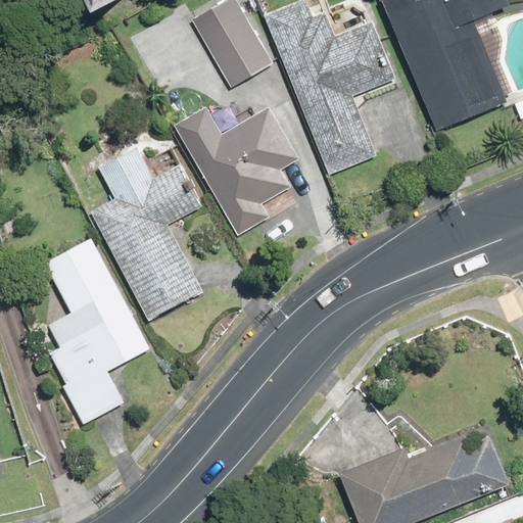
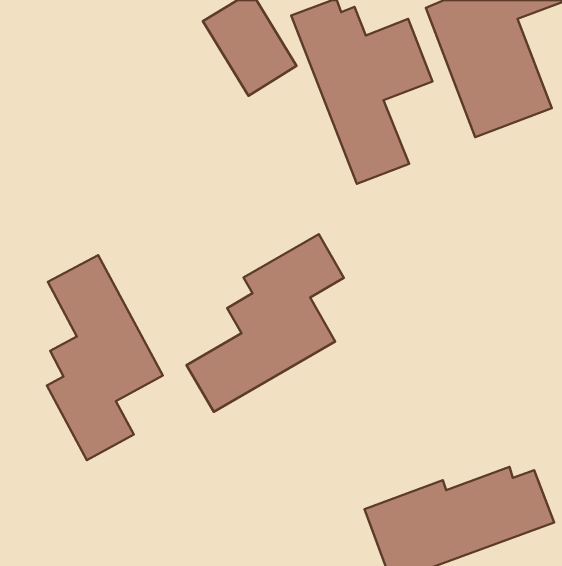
building: [174,106,299,235] -> none
building: [91,145,204,318] -> none
building: none -> [187,234,344,412]

